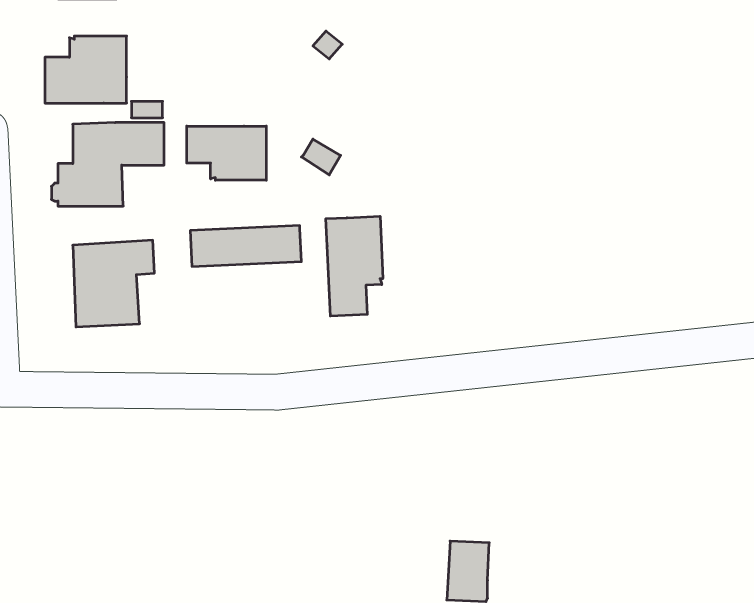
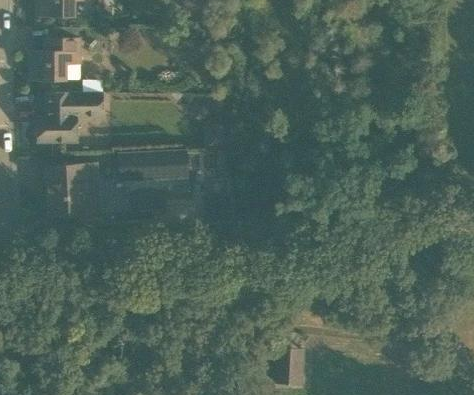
building: [187,126,266,180] -> none
building: [326,216,383,316] -> none

